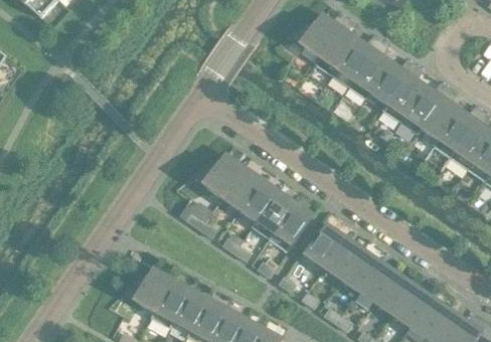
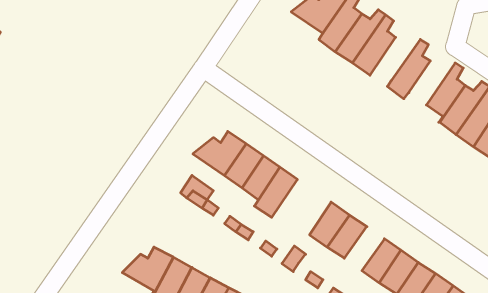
building: [365,57,415,104] -> none
building: [398,80,449,134] -> none
building: [269,201,312,250] -> none
building: [340,247,379,291] -> none

